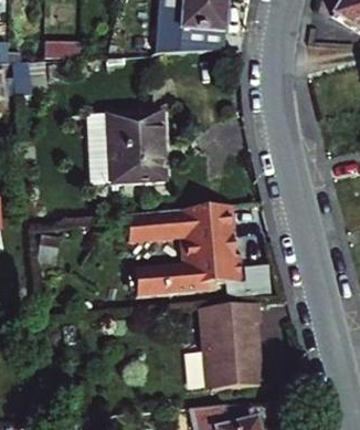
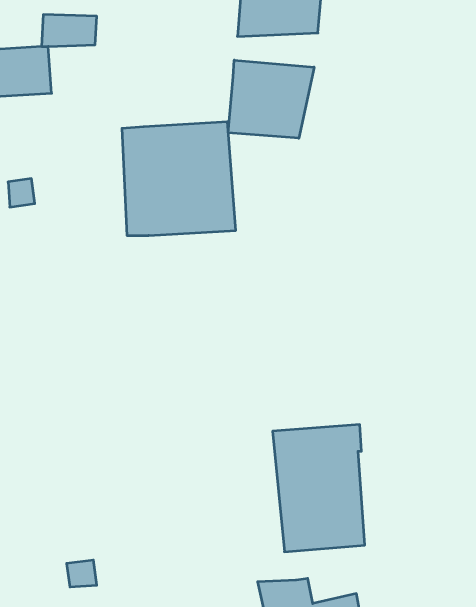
building: none -> [228,60,314,138]
building: [131,207,243,293] -> none

